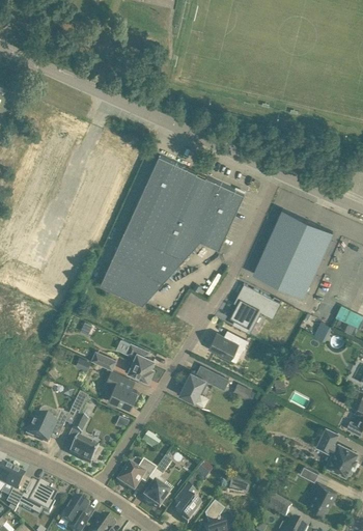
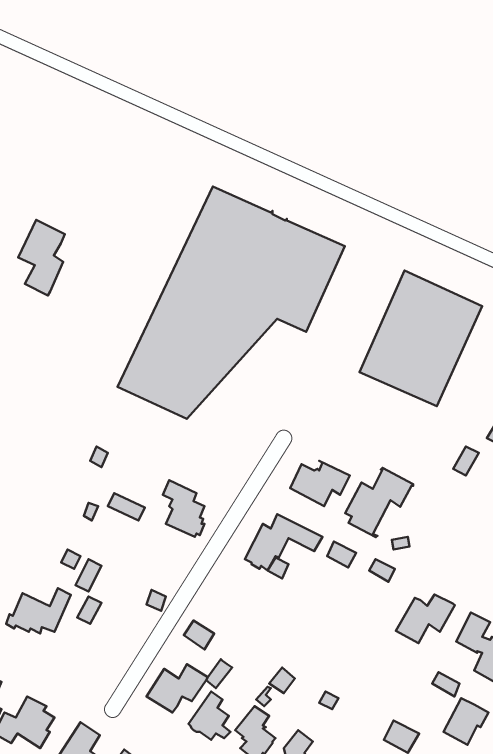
building: none -> [18,220,65,295]
building: [229,289,273,334] -> [345,468,413,537]
building: [107,372,139,409] -> none
building: none -> [396,595,455,643]
building: [68,439,102,466] -> none

